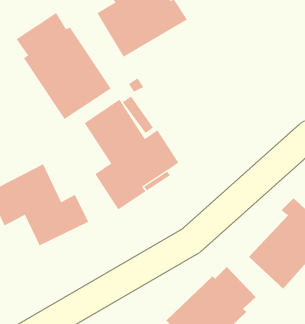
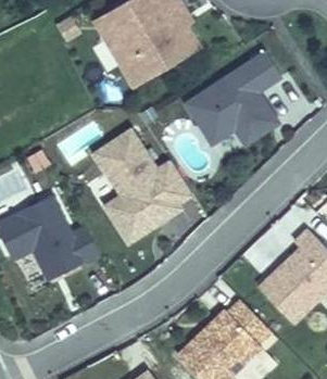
building: [16,12,112,120] -> none
building: none -> [185,50,281,144]

